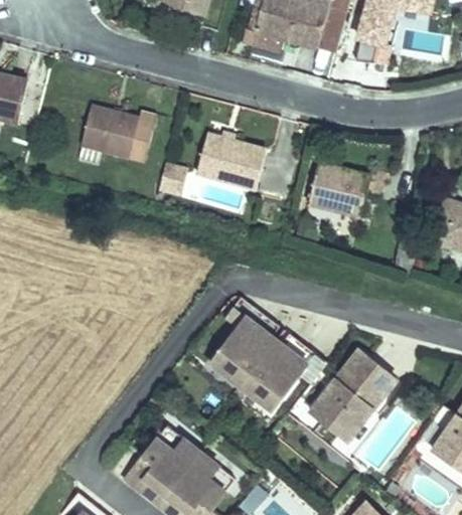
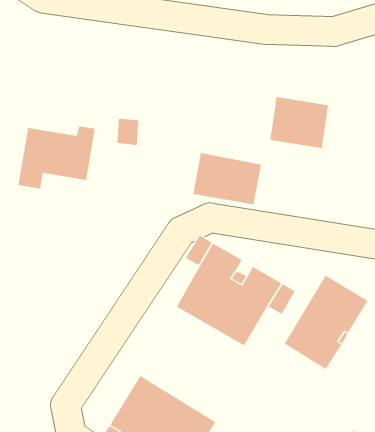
building: [83,112,163,172] -> [17,126,95,189]
building: [200,138,270,193] -> [193,153,262,205]

